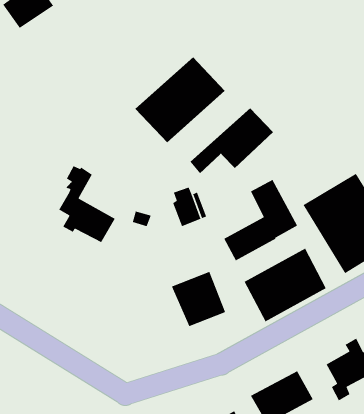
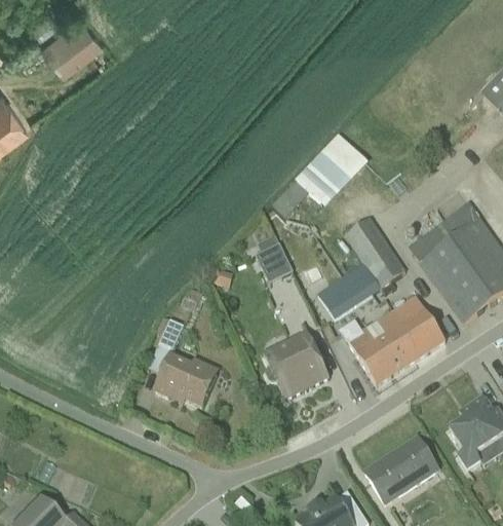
building: [135,57,226,143] -> none
building: [58,165,116,243] -> [149,316,217,405]

